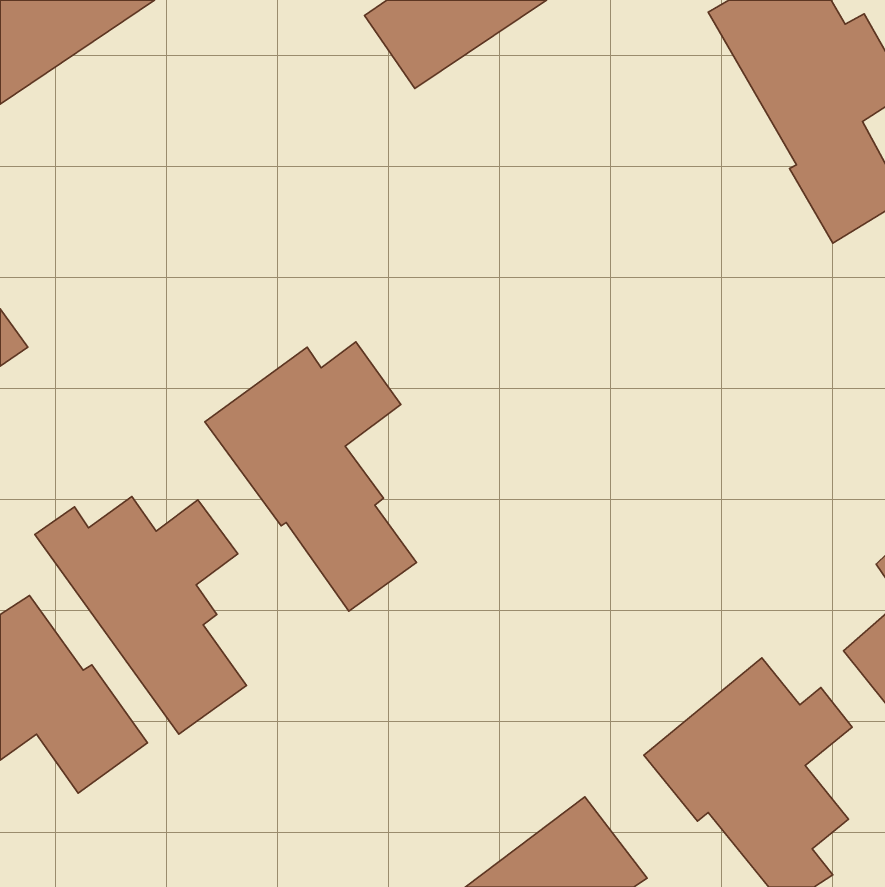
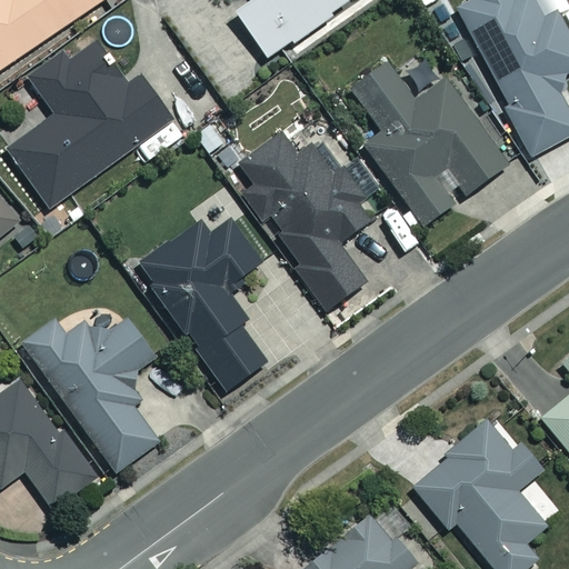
building: none -> [7,42,171,208]
building: none -> [355,62,506,223]
building: none -> [236,134,371,312]

